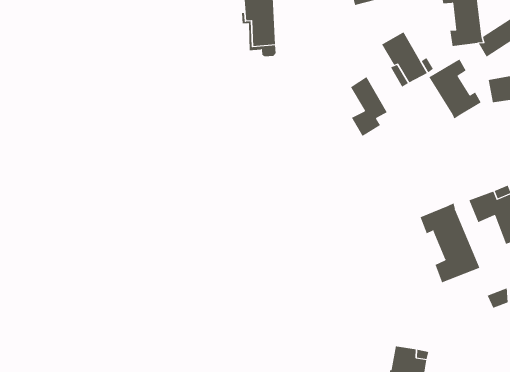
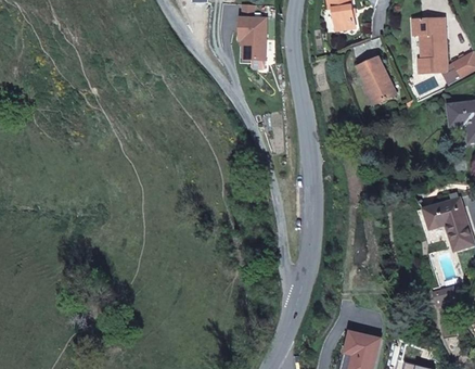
building: [428,59,481,120] -> none
building: [350,76,388,137] -> none
building: [420,202,480,283] -> none

